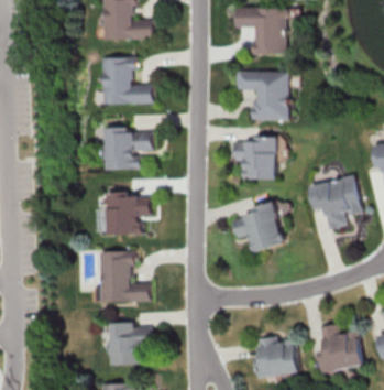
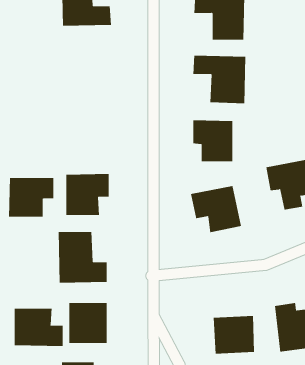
building: [99,58,152,104] -> none
building: [102,129,150,170] -> [8,177,54,217]
building: none -> [14,308,63,347]

